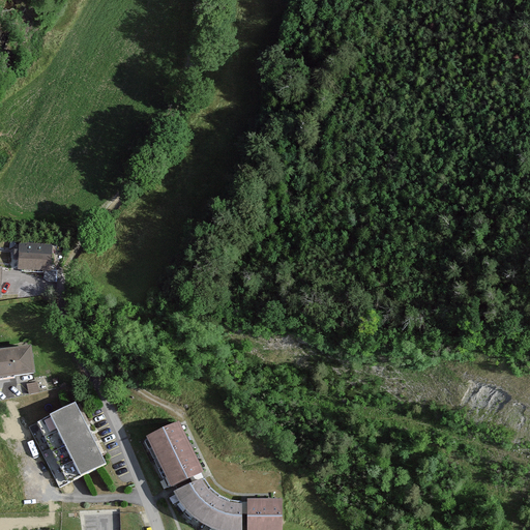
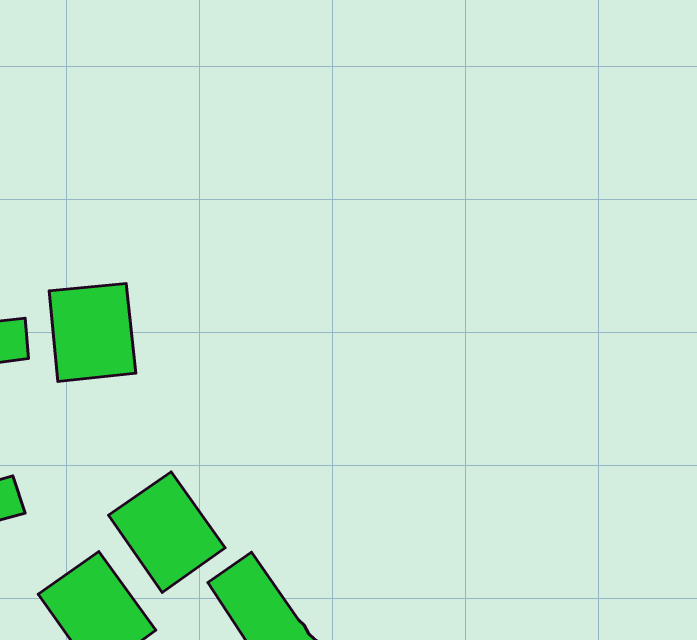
building: none -> [49,284,136,382]
building: none -> [109,472,225,592]

